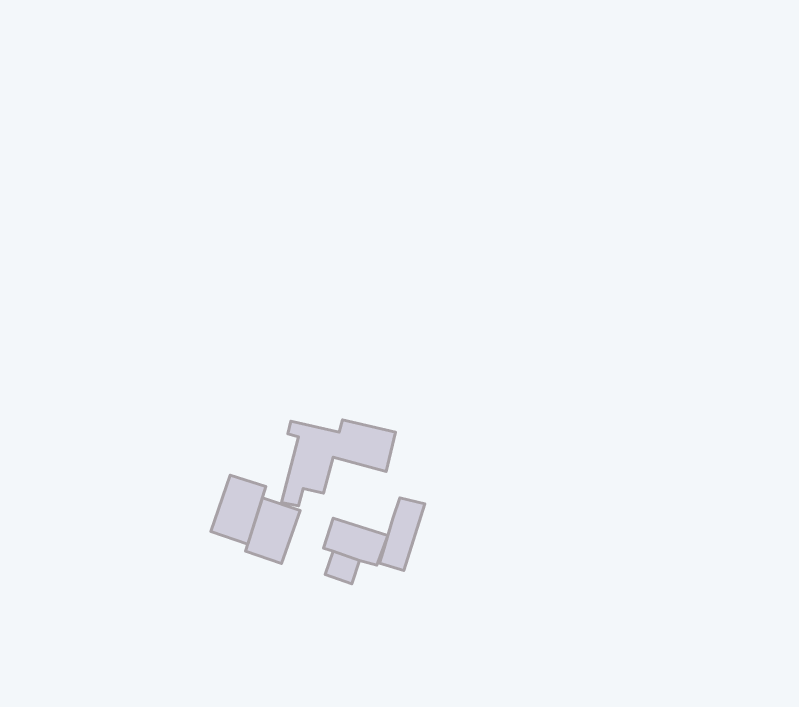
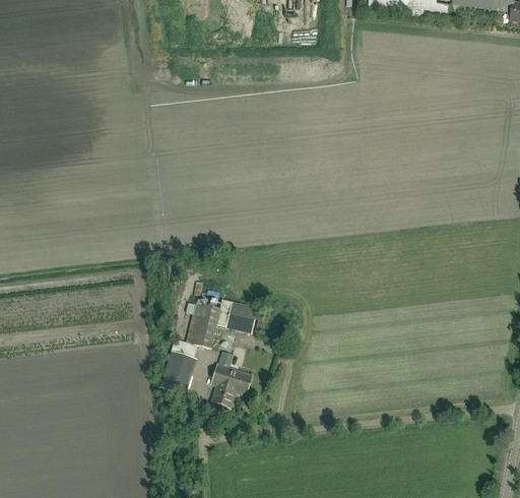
building: [211,475,266,544] -> none
building: [380,498,425,571] -> none

